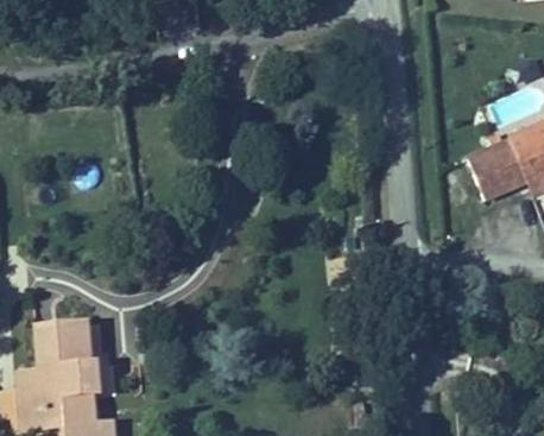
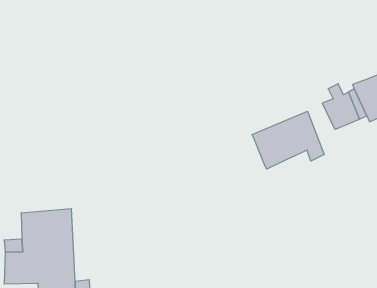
building: none -> [252,111,324,169]

